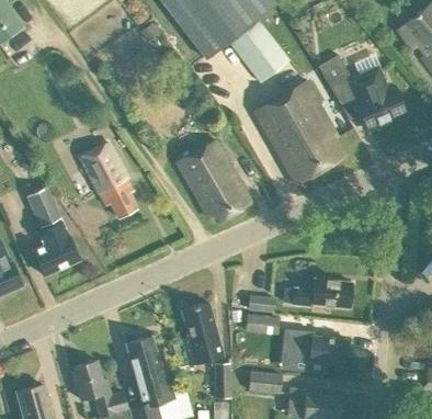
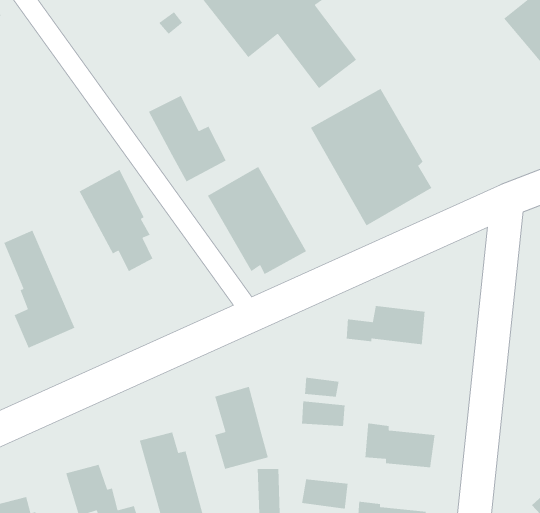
building: [318,55,406,131] -> none
building: none -> [148,95,227,183]
building: [293,279,352,308] -> [346,305,425,345]

